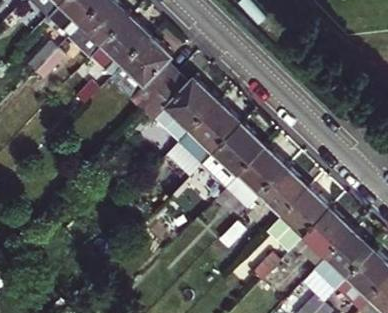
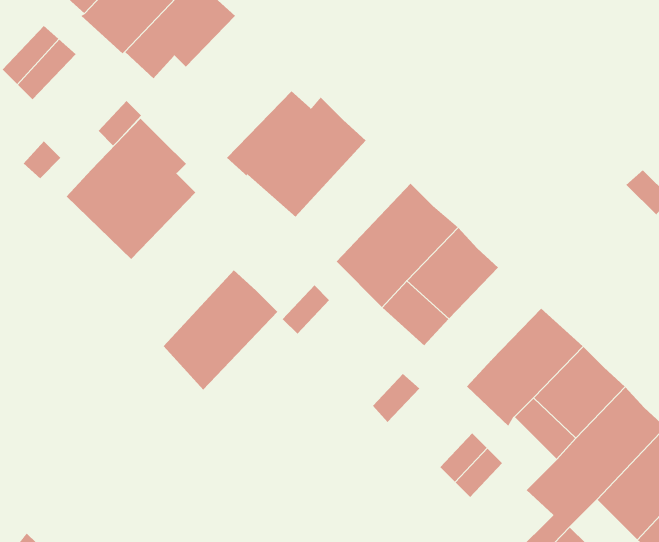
building: [110,35,178,109] -> [66,118,196,260]
building: [180,100,240,163] -> [163,269,278,390]
building: [260,166,308,214] -> none

